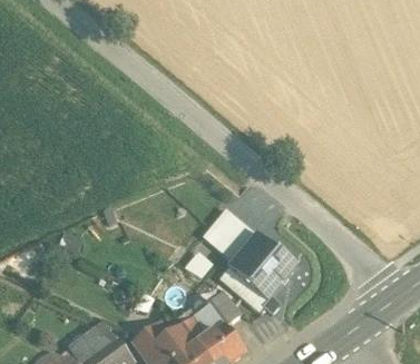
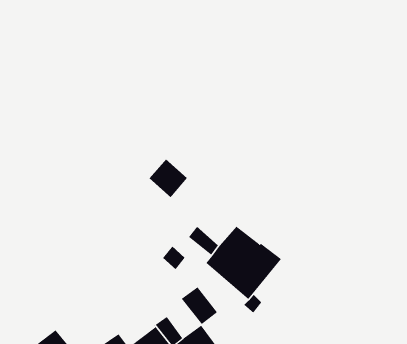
building: [221,215,256,250] -> [148,159,188,198]

